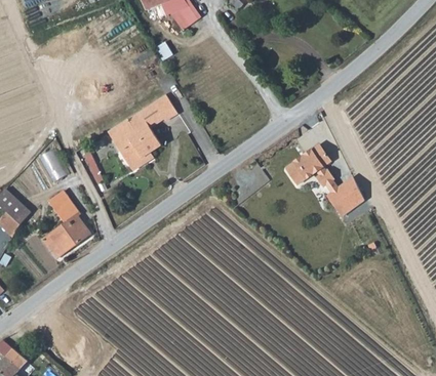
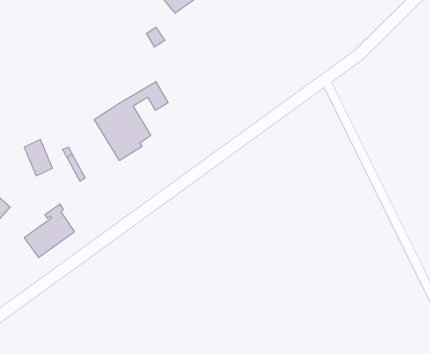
building: [285,143,360,208] -> none
building: [48,191,76,219] -> none

